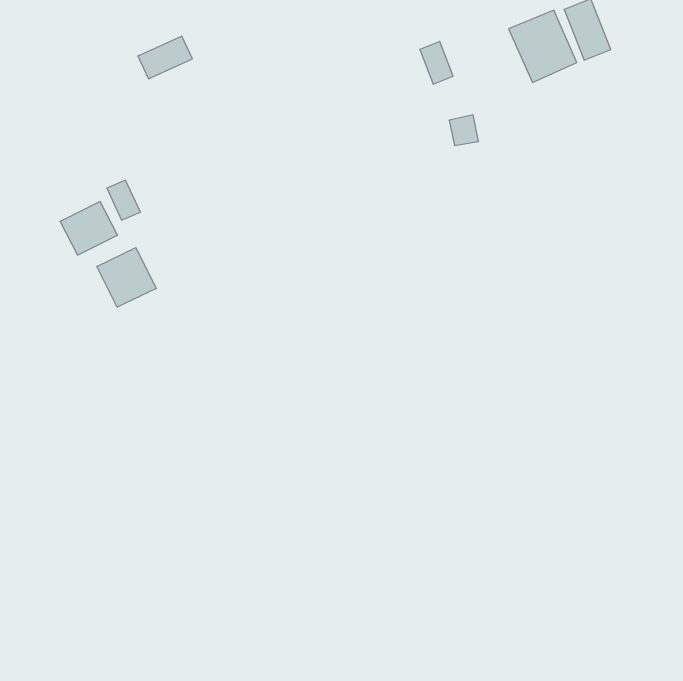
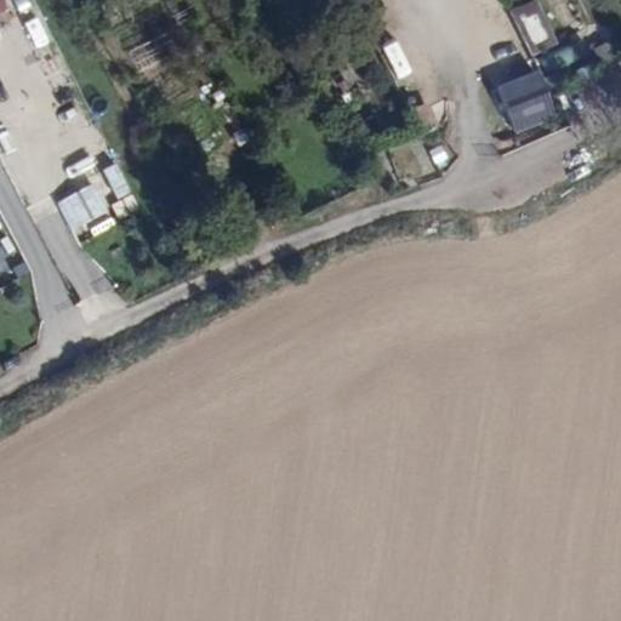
building: [509,10,577,82] -> [497,67,559,132]
building: [97,248,156,307] -> none

